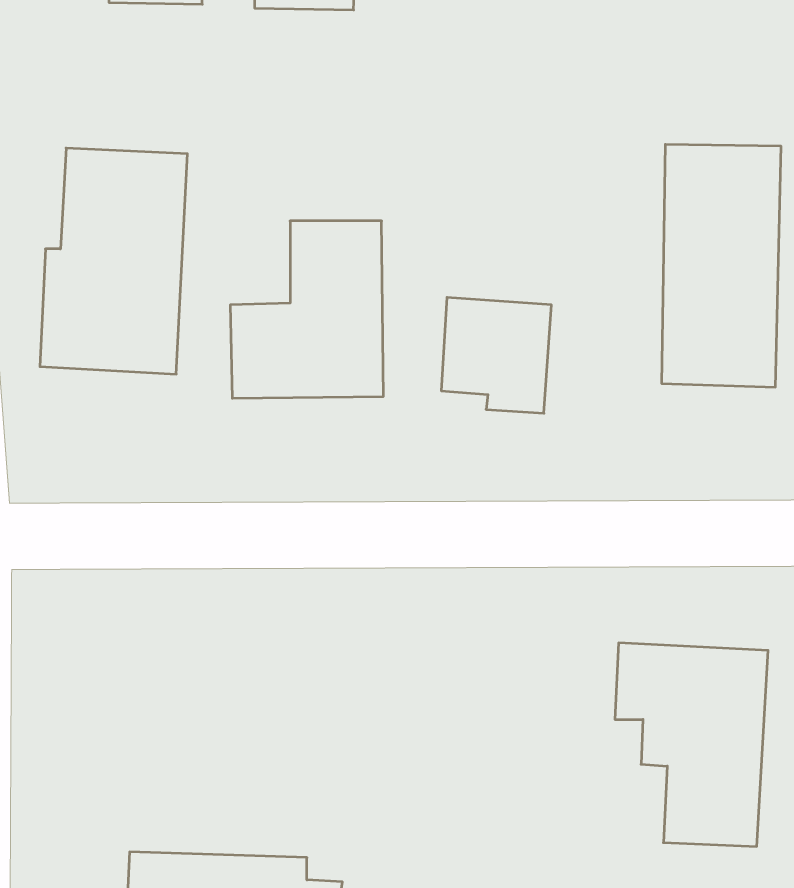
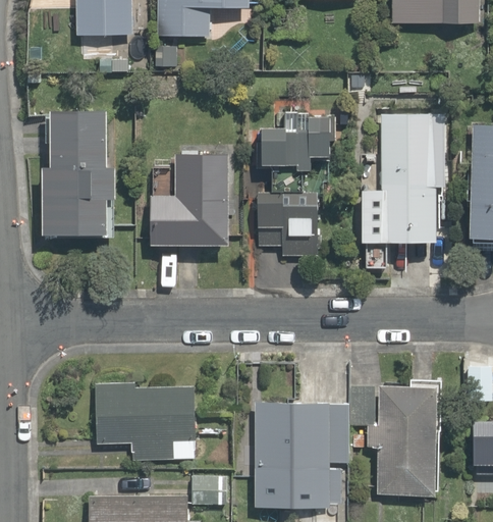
building: none -> [259,125,329,171]
building: none -> [94,384,198,460]
building: none -> [253,403,350,506]

